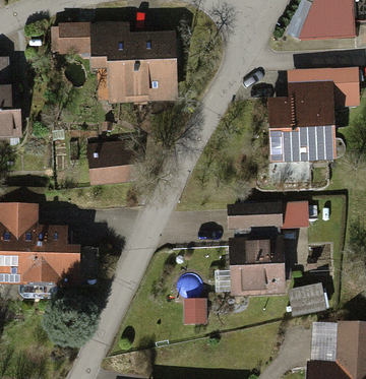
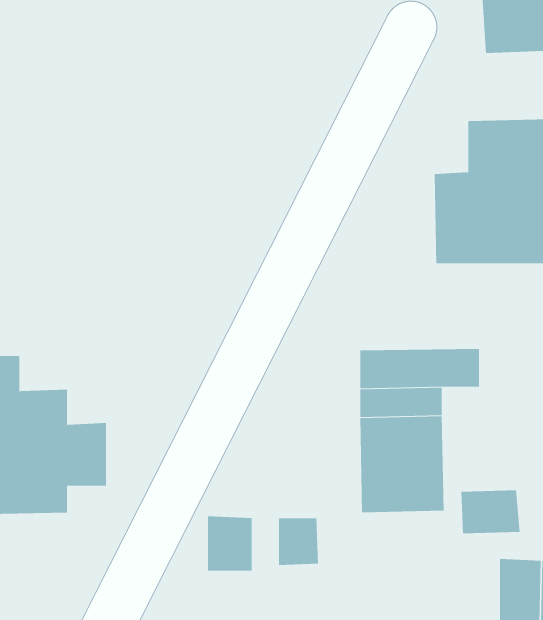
building: [55,22,175,99] -> none
building: [86,140,135,183] -> none
building: none -> [207,515,252,572]

